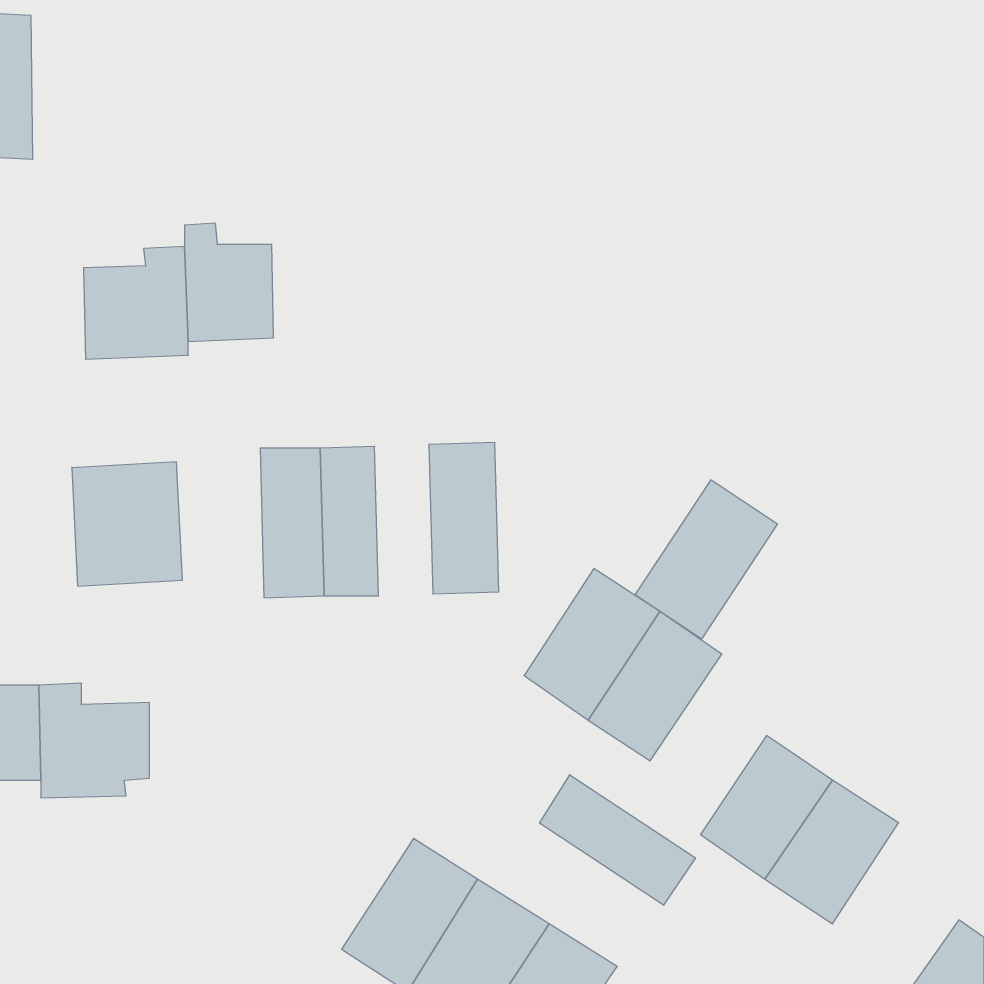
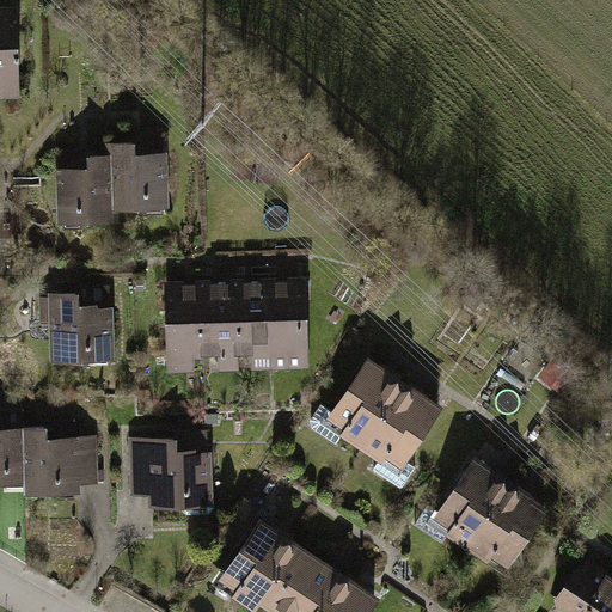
building: none -> [231,279,267,372]
building: [635,480,778,639] -> none
building: none -> [122,437,210,508]
building: [540,775,695,905] -> none

